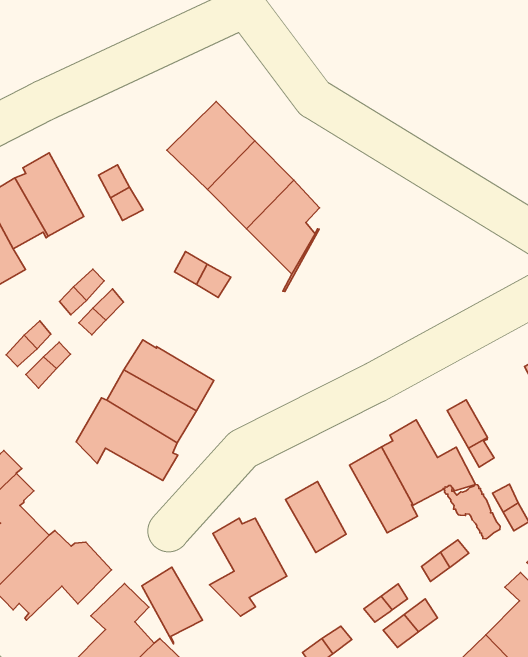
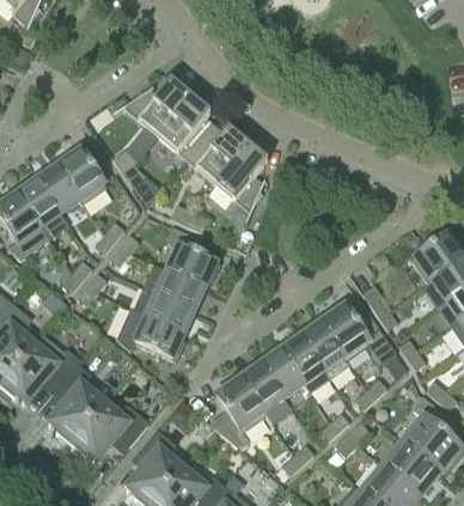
building: none -> [109,85,187,148]
building: none -> [163,227,219,288]
building: none -> [280,336,330,394]
building: [142,567,202,644] -> [240,364,283,415]

